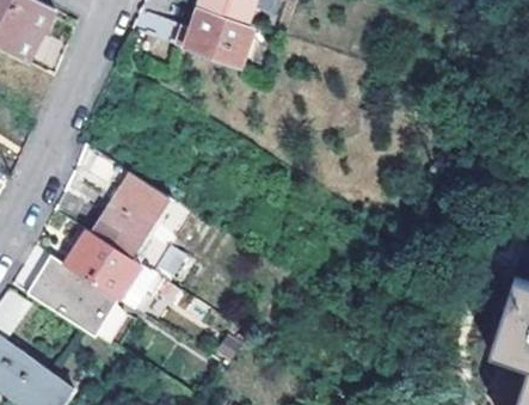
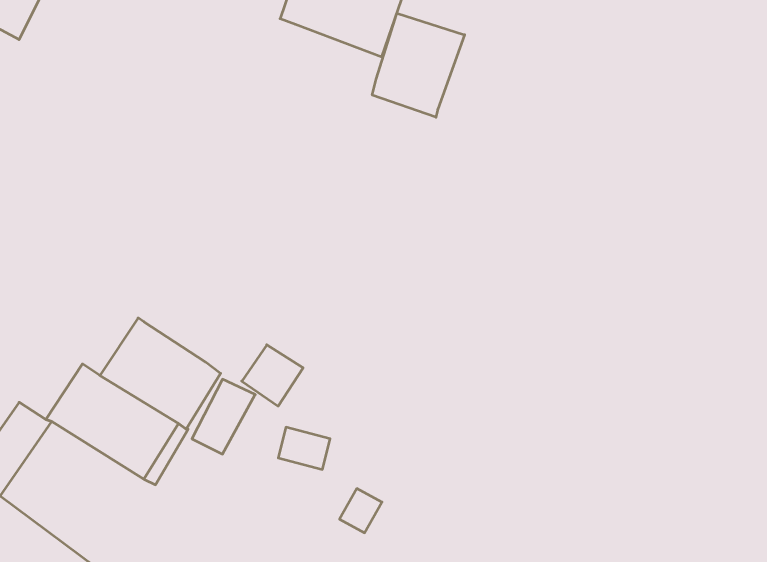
building: none -> [372,13,465,117]
building: [91,172,170,257] -> none

